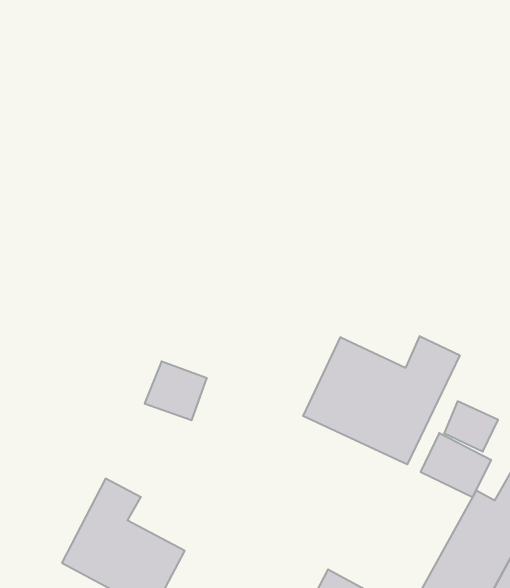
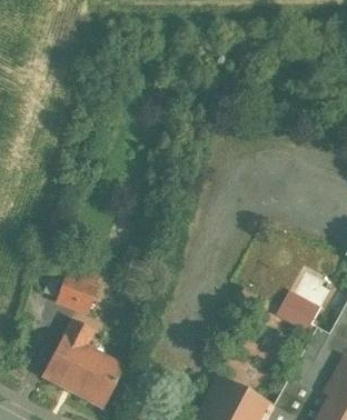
building: [303,336,460,464] -> none
building: [145,361,207,420] -> [59,272,100,311]

